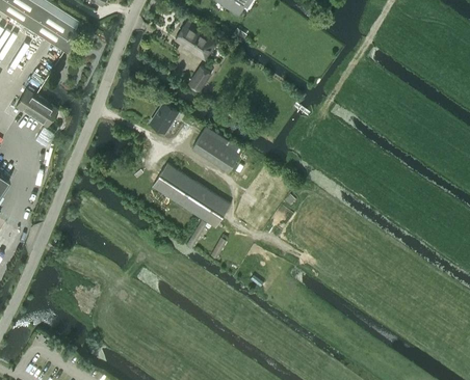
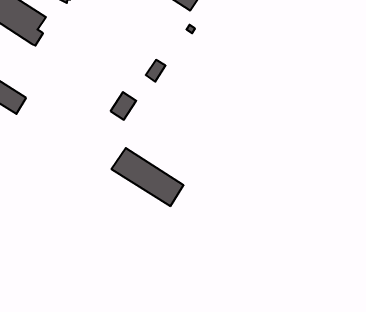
building: [175,21,215,60] -> none
building: [191,127,241,171] -> none

